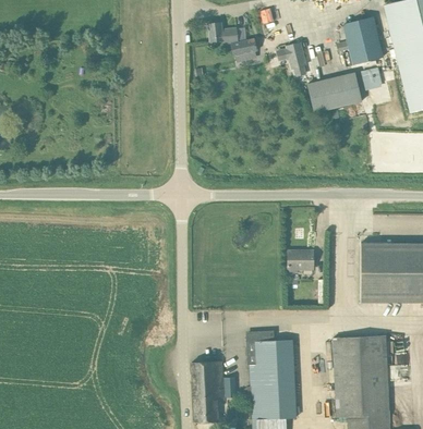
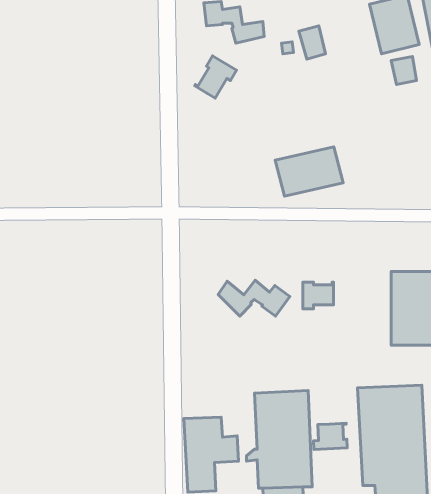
building: none -> [195,56,237,98]
building: [307,72,363,112] -> [275,147,343,196]
building: none -> [218,280,290,316]
building: none -> [313,423,347,449]

